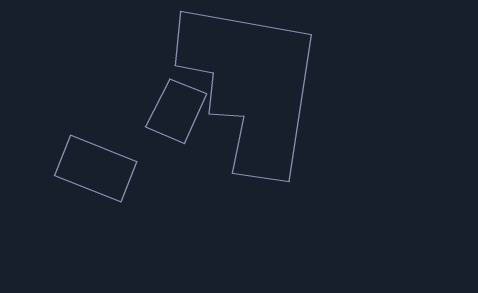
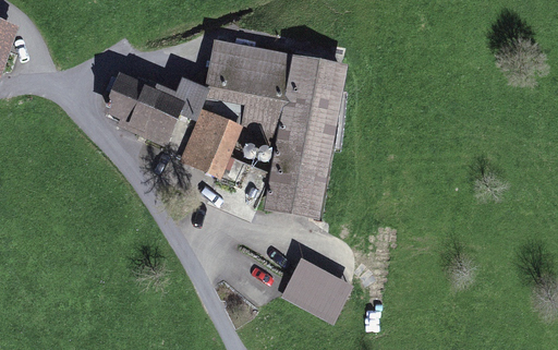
building: [54,135,137,202] -> [98,76,183,145]
building: none -> [283,260,337,312]

